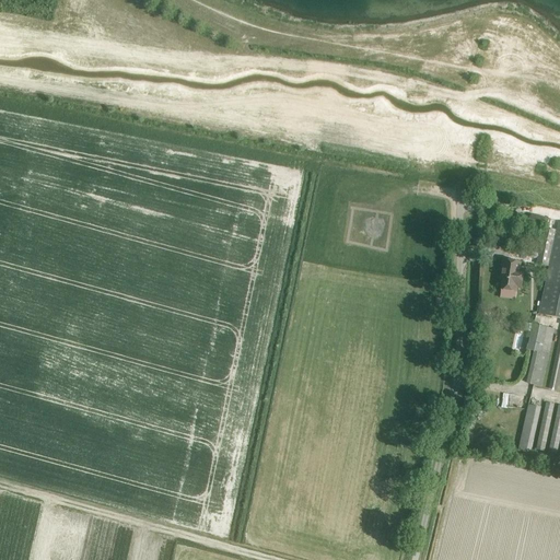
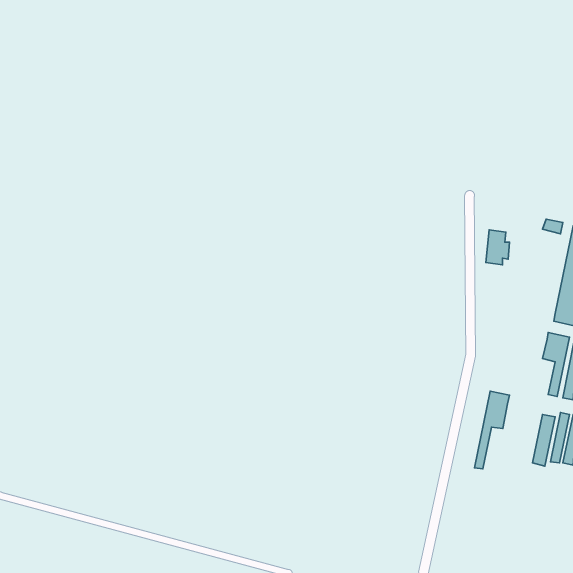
building: [502,259,525,293] -> [486,230,509,265]
building: none -> [475,391,509,469]

